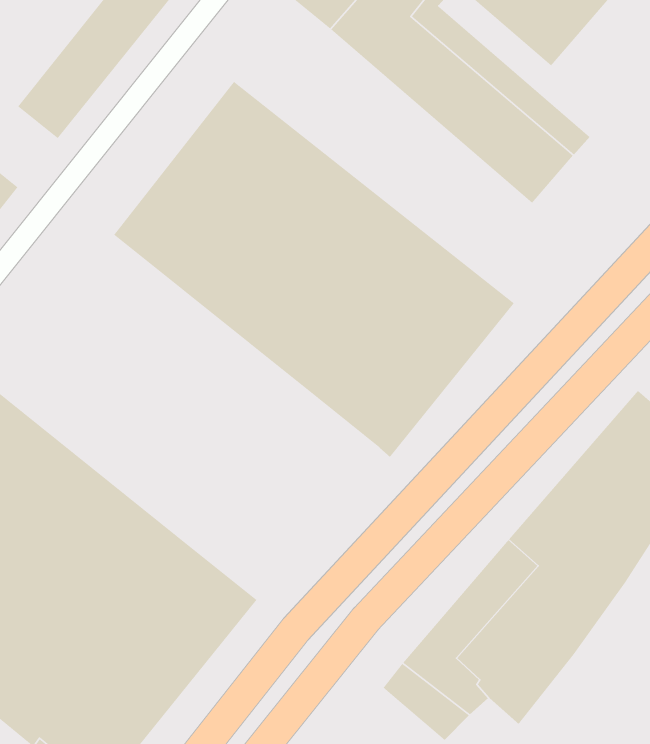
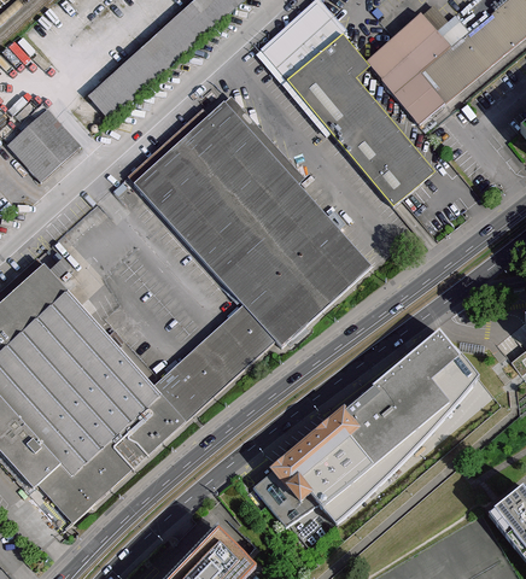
building: none -> [151,304,274,421]

